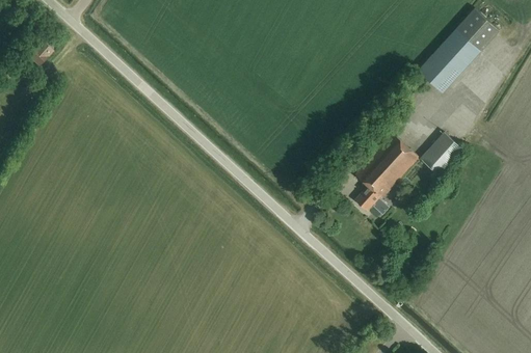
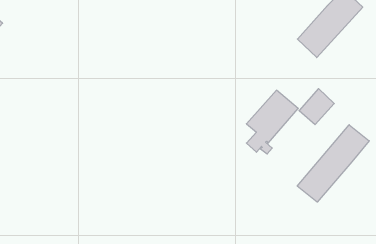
building: none -> [297,125,369,202]

